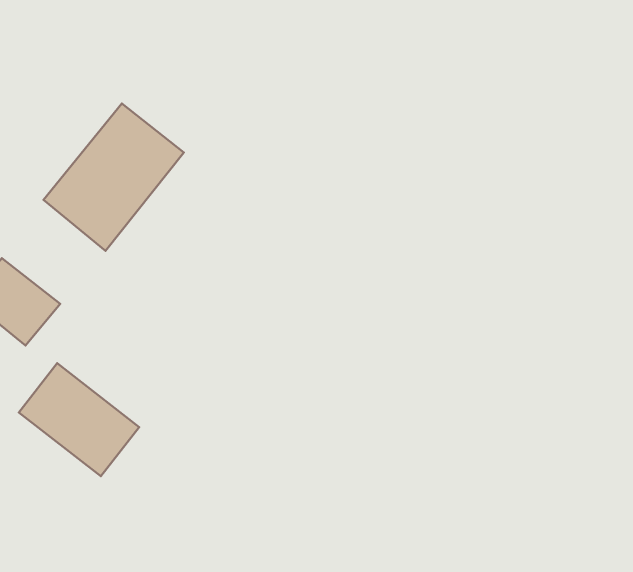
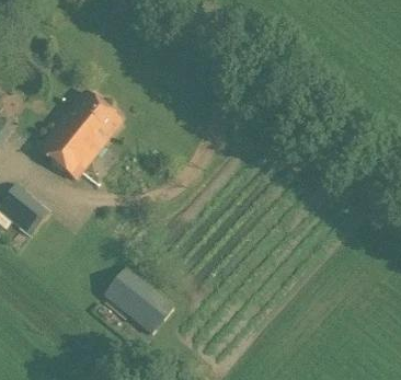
building: [19,363,139,476] -> [102,266,174,334]

